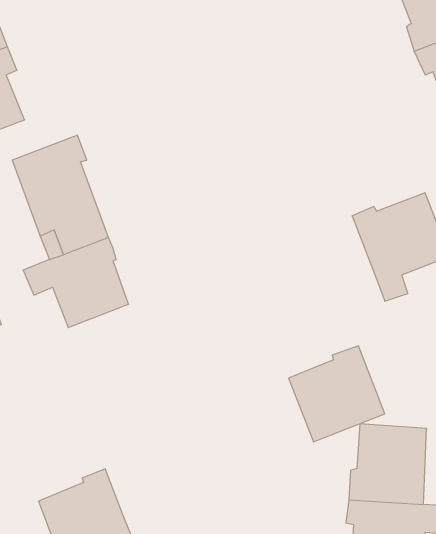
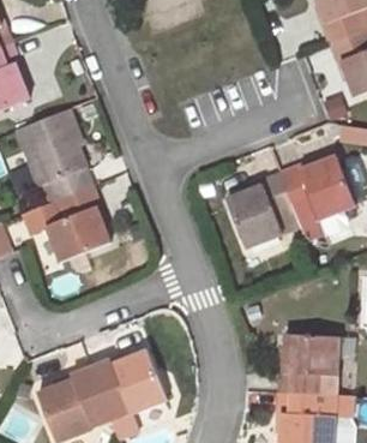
building: [289,346,385,442] -> [225,173,300,247]
building: none -> [89,349,166,412]

